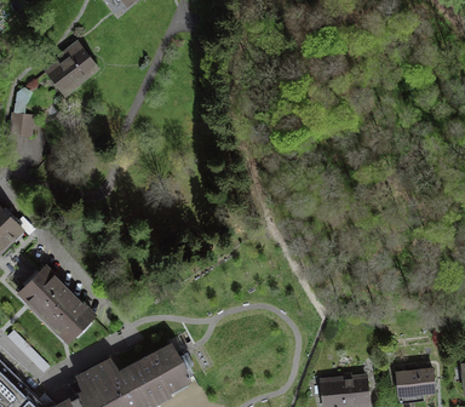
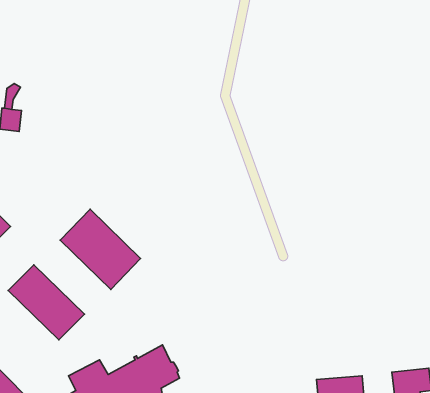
building: [45,42,96,93] -> none
building: none -> [60,209,141,290]

